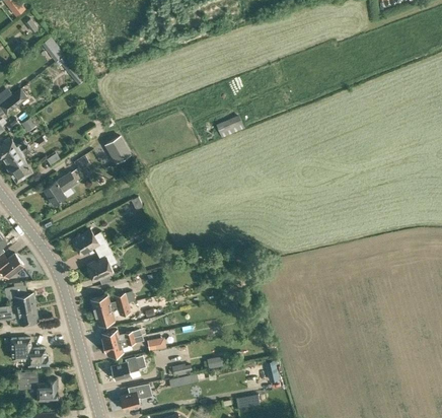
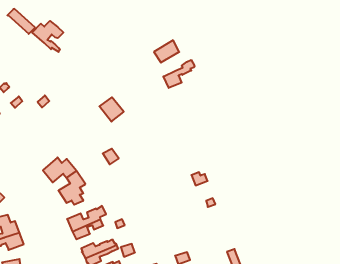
building: none -> [32,21,63,52]
building: [103,136,130,163] -> [99,97,124,122]
building: none -> [163,60,194,88]
building: [43,171,77,204] -> none

